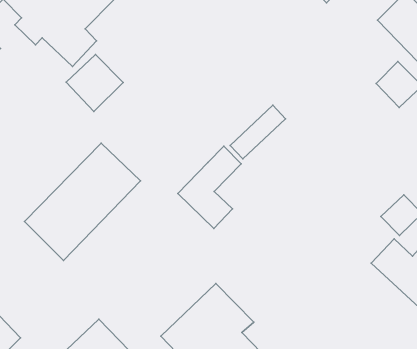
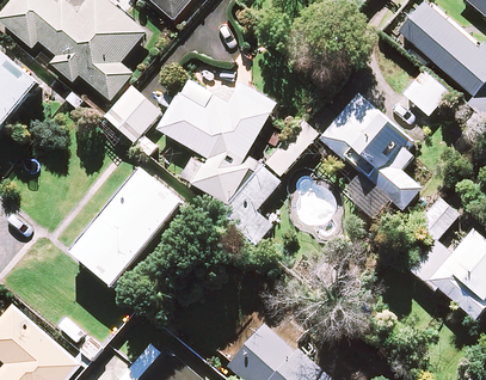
building: none -> [158,72,275,203]
building: none -> [319,94,420,217]

